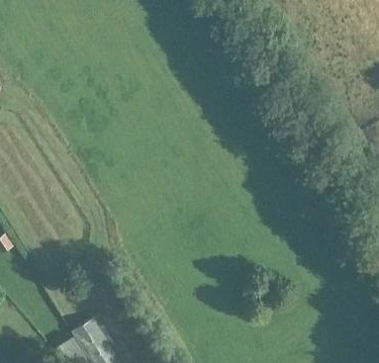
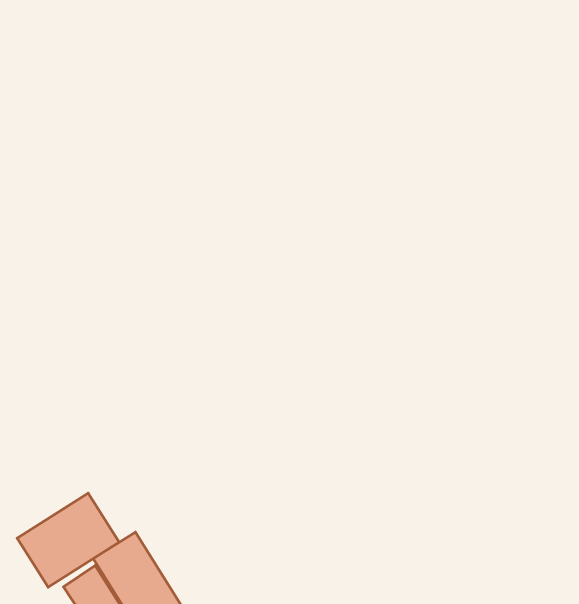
building: none -> [17,493,119,587]

